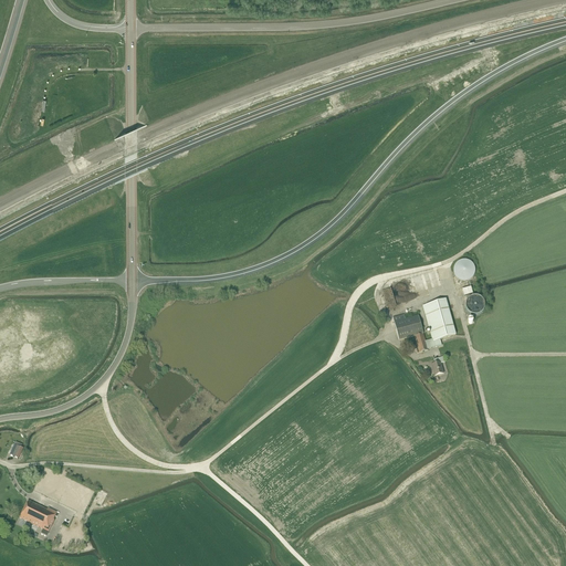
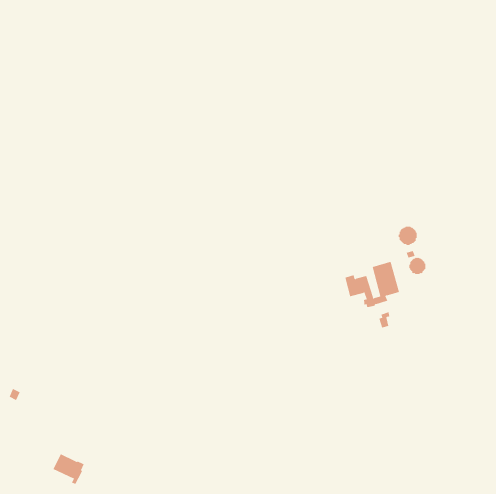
building: [20,499,56,534] -> [53,454,85,485]

